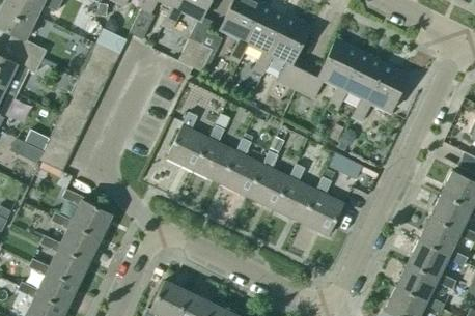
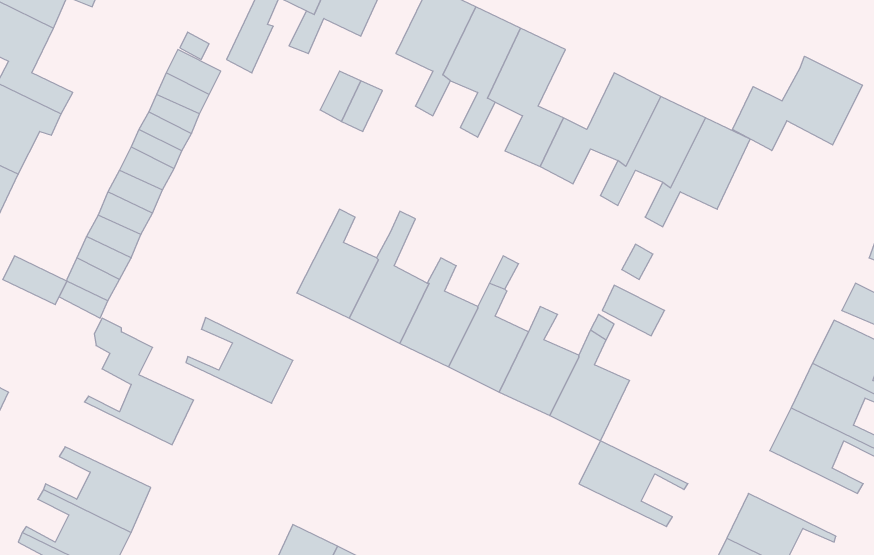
building: none -> [732,56,862,151]
building: [43,216,100,261] -> [186,318,293,403]
building: [407,241,465,287] -> [579,441,688,527]

